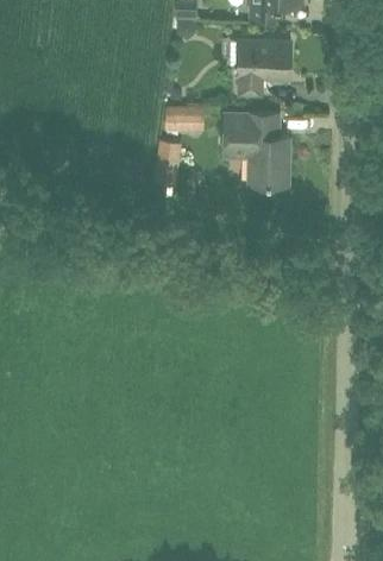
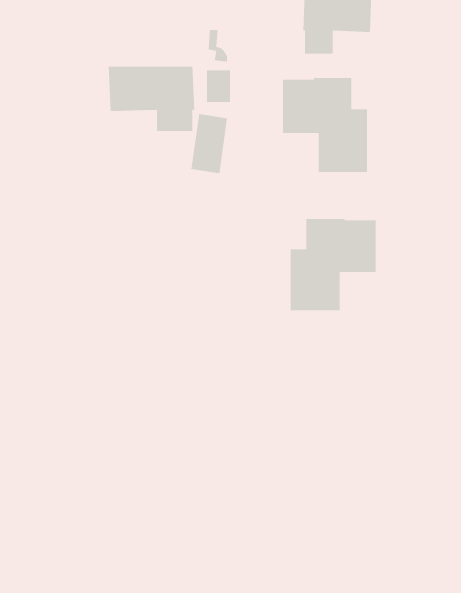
building: none -> [108,66,195,132]
building: none -> [290,218,376,311]

